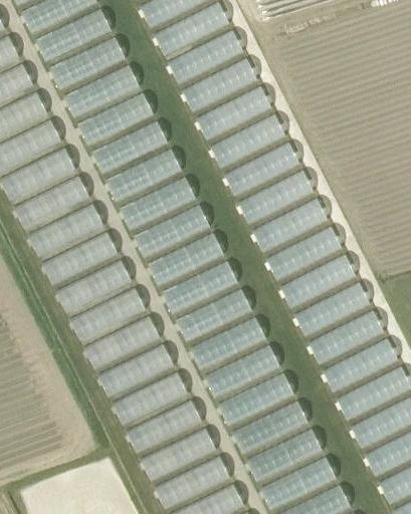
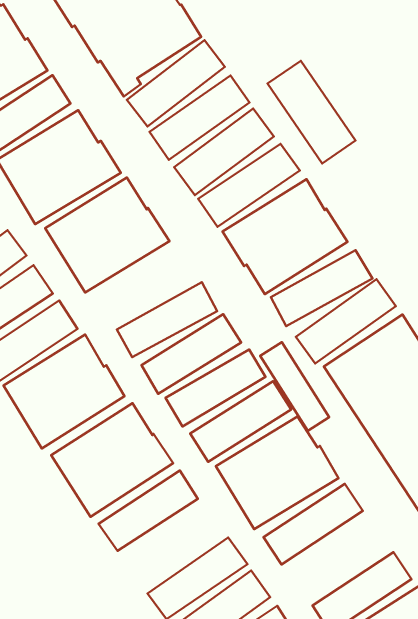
building: none -> [267,61,356,163]
building: [133,205,209,259] -> none
building: none -> [260,342,329,431]
building: [125,403,201,451] -> none
building: [245,429,322,483] -> none

